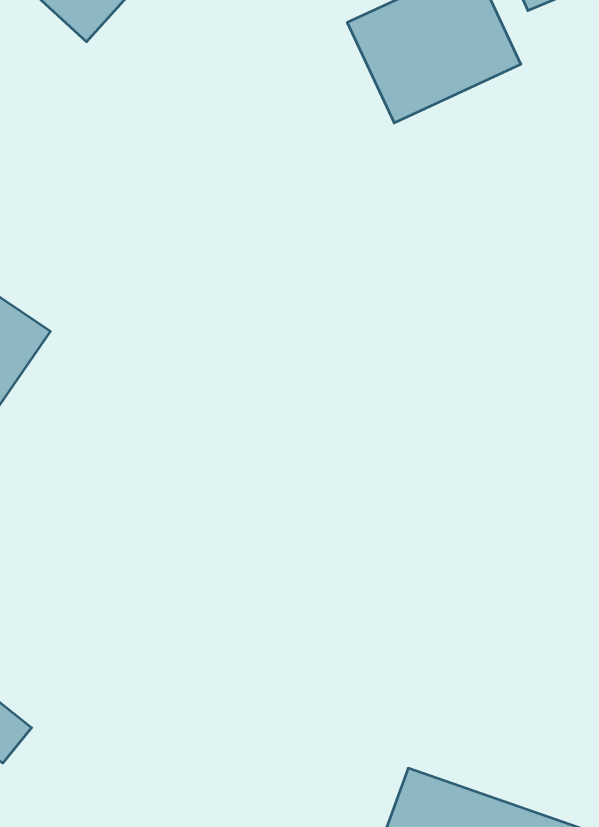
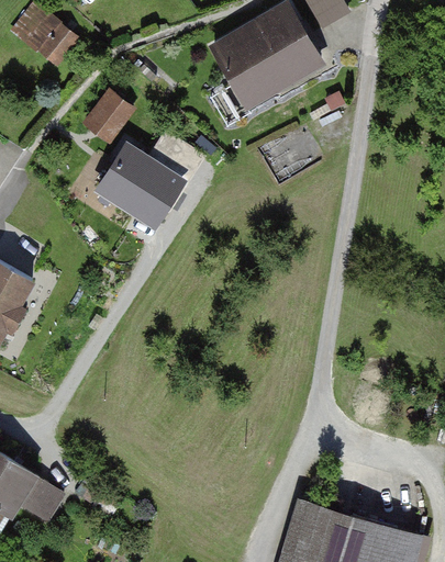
building: none -> [89,85,144,145]
building: none -> [99,149,181,226]

